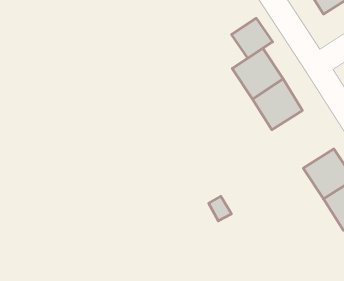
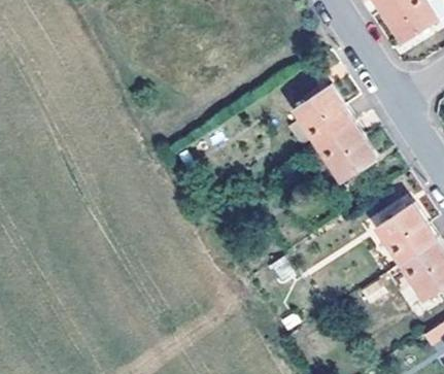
building: [232,18,273,58] -> none

